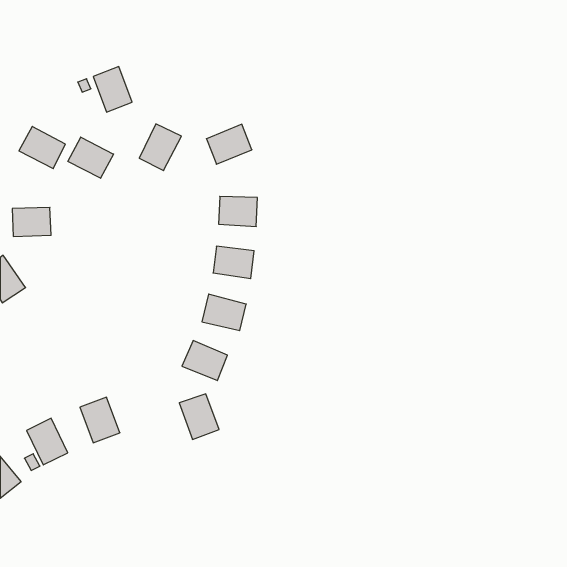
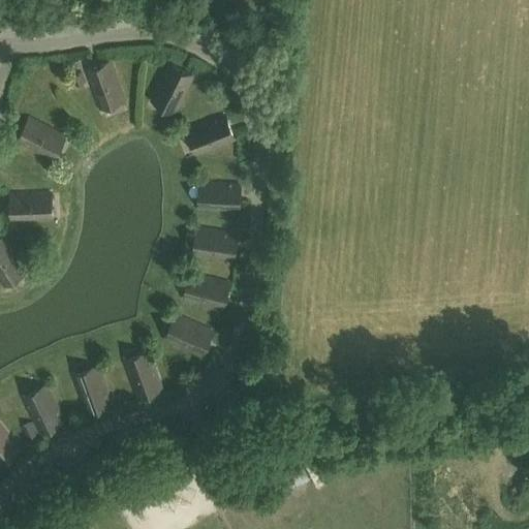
building: [139,124,181,171] -> [154,65,193,108]
building: [68,137,114,178] -> none
building: [179,394,219,439] -> [125,355,162,398]

